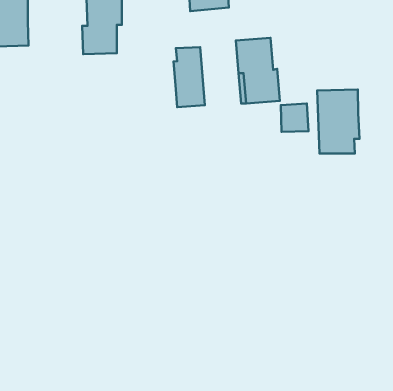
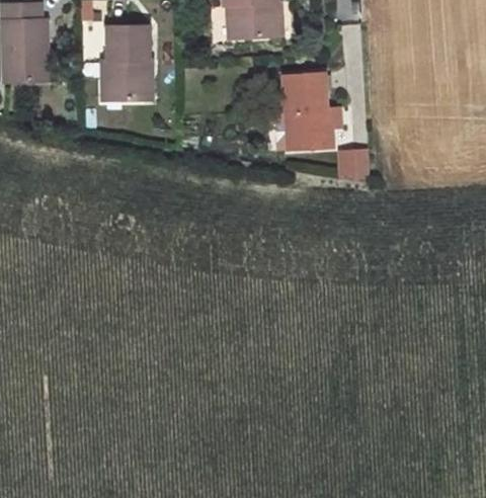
building: [173,47,205,107] -> none
building: [317,89,360,153] -> none

